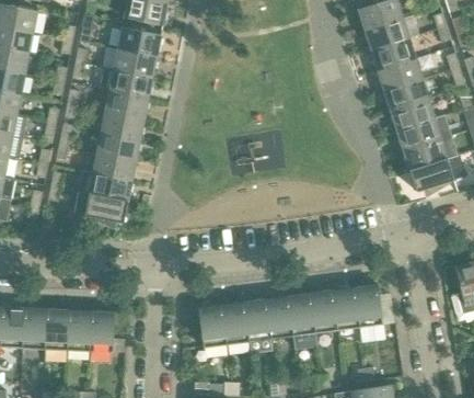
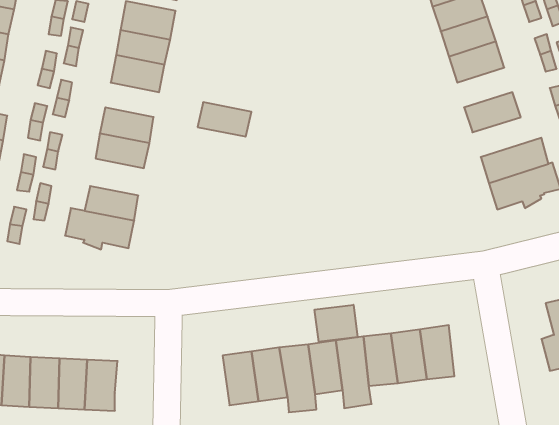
building: [384,78,428,110] -> none
building: [105,90,148,117] -> [198,102,251,137]
building: [396,114,451,149] -> none
building: [93,150,136,180] -> none
building: none -> [315,305,357,342]

